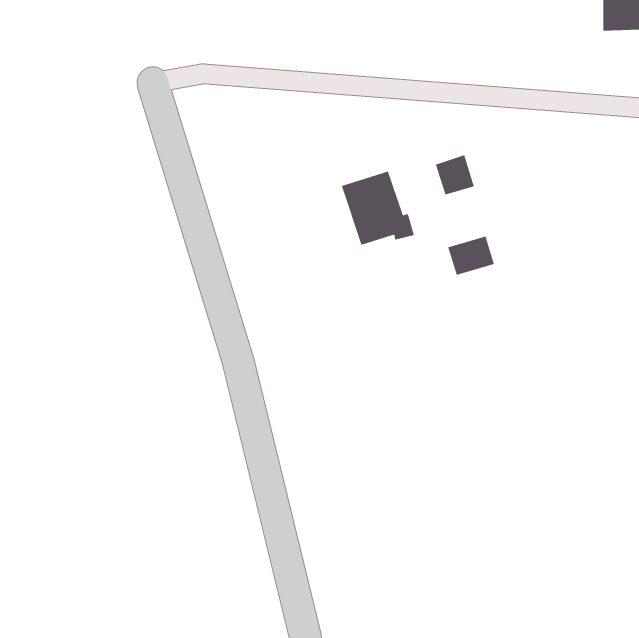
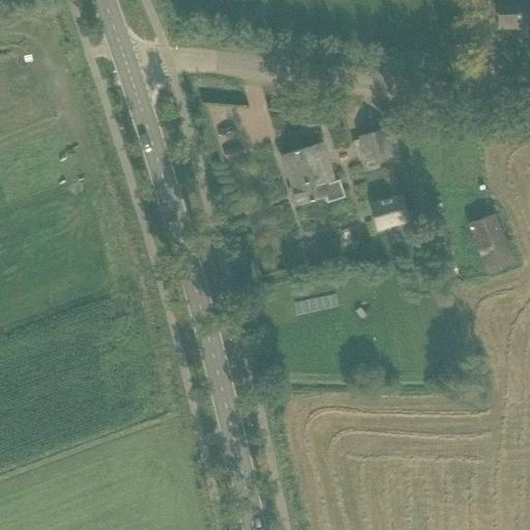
building: none -> [469,212,513,273]

